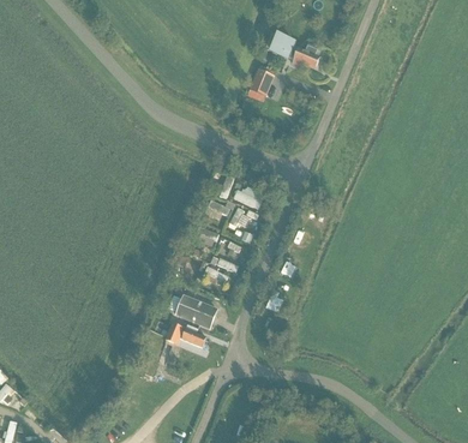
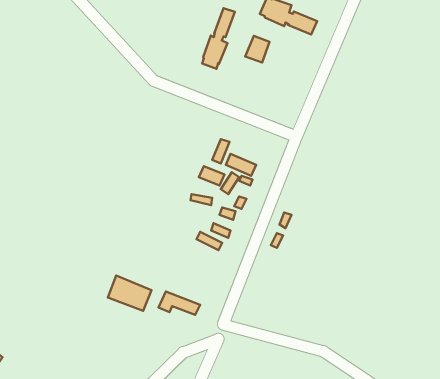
building: none -> [202,8,235,69]
building: [175,294,218,329] -> [108,276,152,311]

